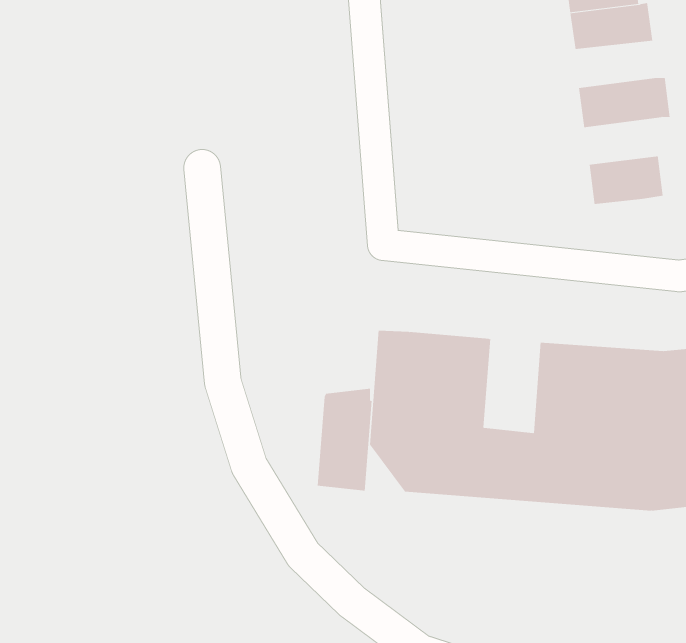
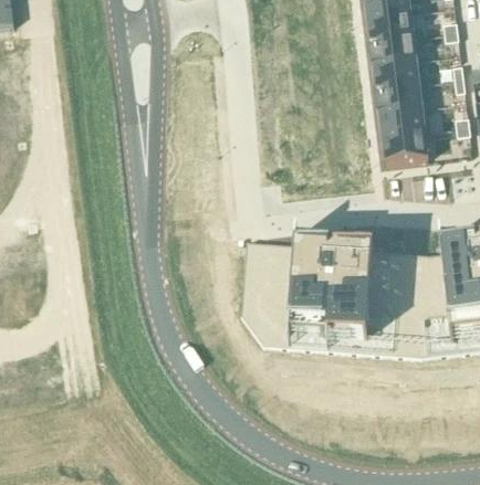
building: none -> [371,60,422,89]
building: none -> [376,108,429,138]
building: [317,388,373,491] -> [313,243,348,308]

